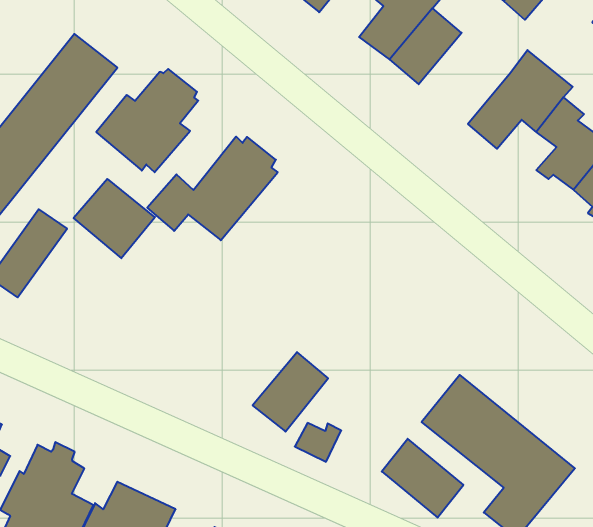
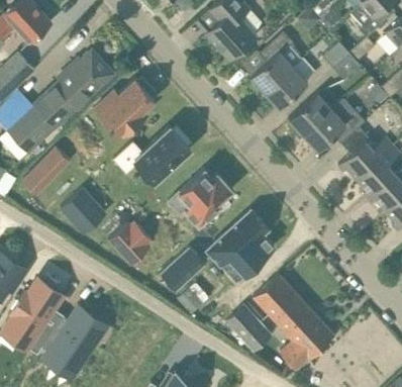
building: none -> [289,94,331,135]
building: [74,179,155,258] -> [66,185,111,230]
building: none -> [169,169,231,225]
building: none -> [206,211,274,282]
building: none -> [110,221,153,264]

